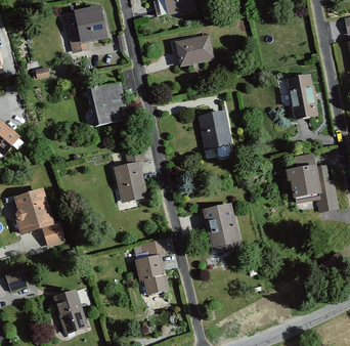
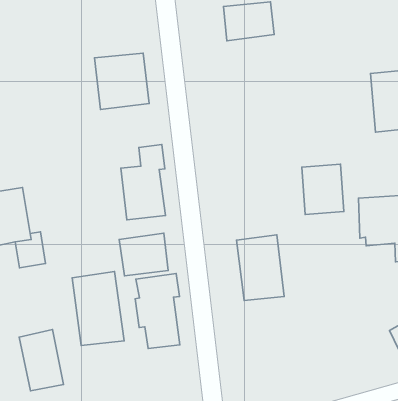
building: [198,110,231,148] -> [302,164,344,214]
building: none -> [119,233,168,276]
building: none -> [72,272,124,345]

